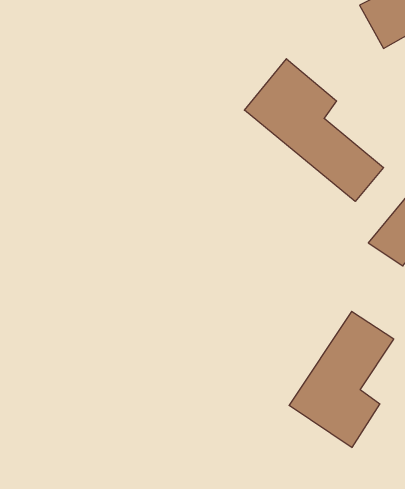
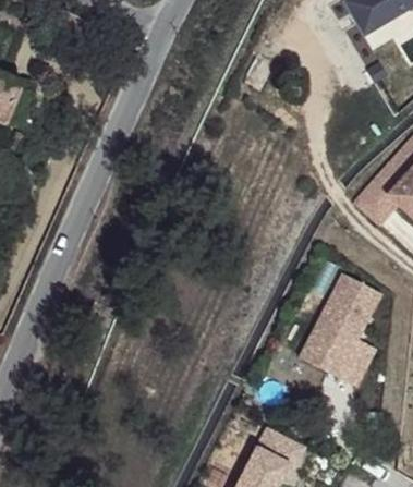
building: [244,59,384,201] -> none

